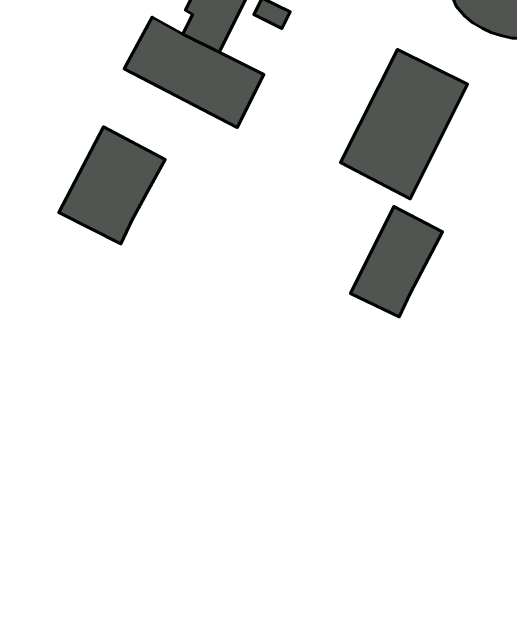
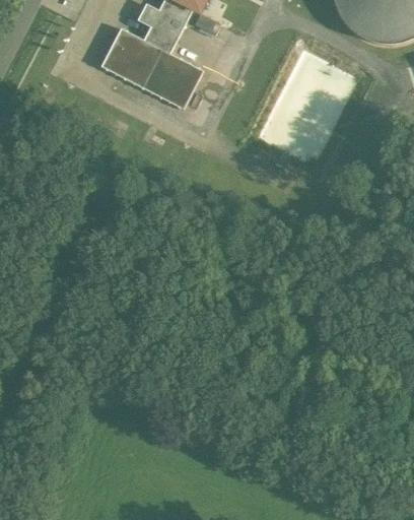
building: [59,127,165,244] -> none
building: [350,207,443,317] -> none

